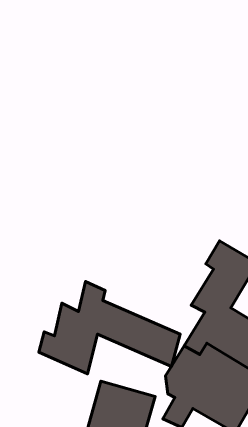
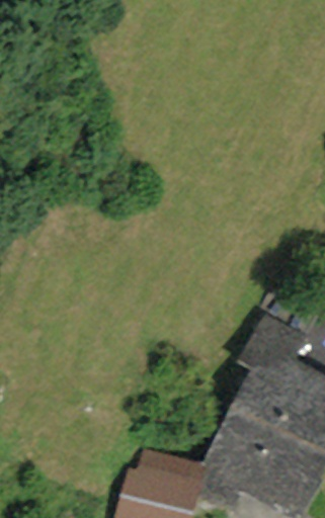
building: [39,281,180,374] -> none

